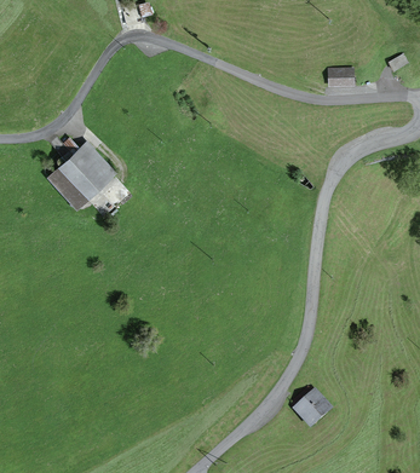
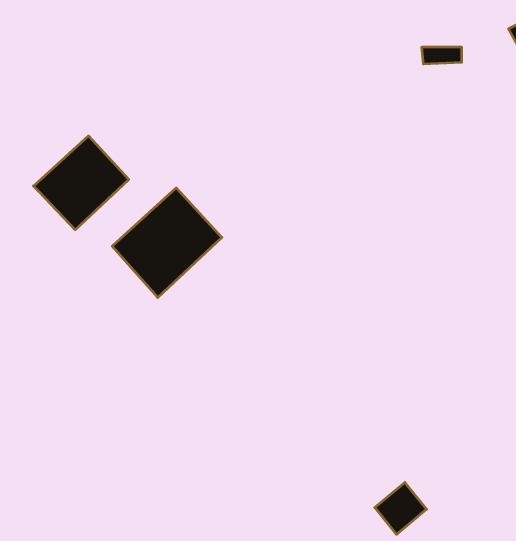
building: none -> [112,188,222,298]

